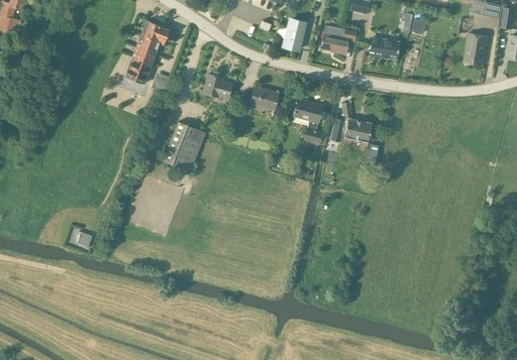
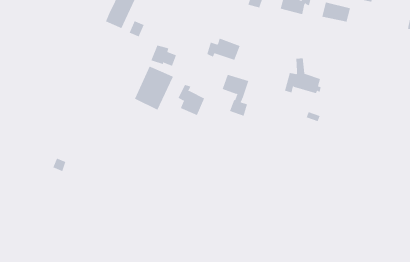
building: [203,74,232,97] -> [151,45,177,66]
building: [293,99,323,145] -> [222,74,249,117]
building: none -> [178,84,205,116]

